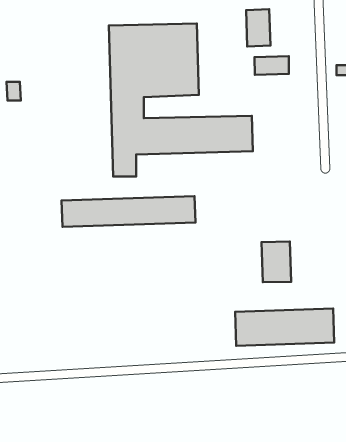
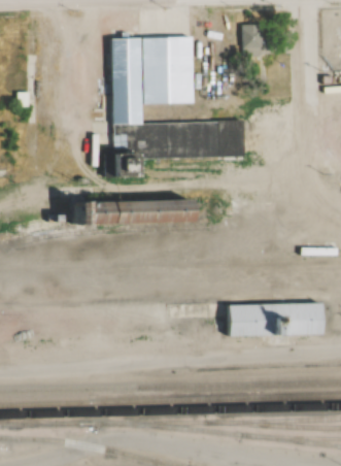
building: [255,56,289,75] -> none
building: [262,242,291,282] -> none

